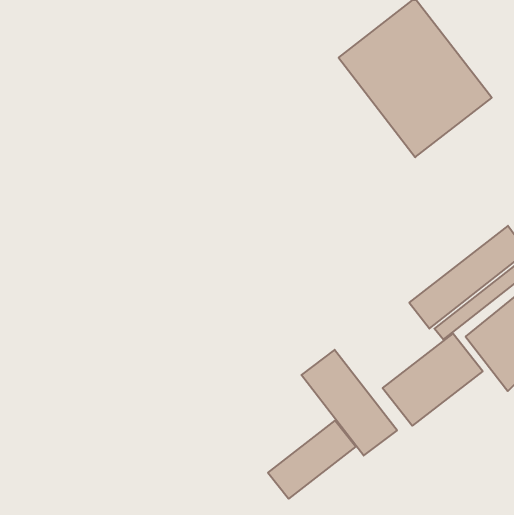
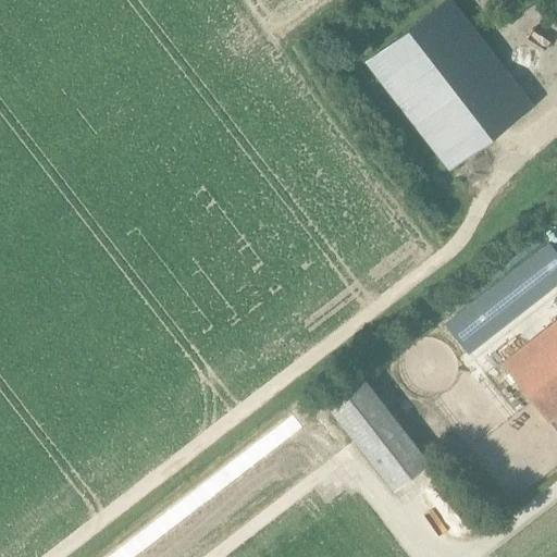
building: [383,334,483,426] -> none
building: [268,421,356,499] -> none

